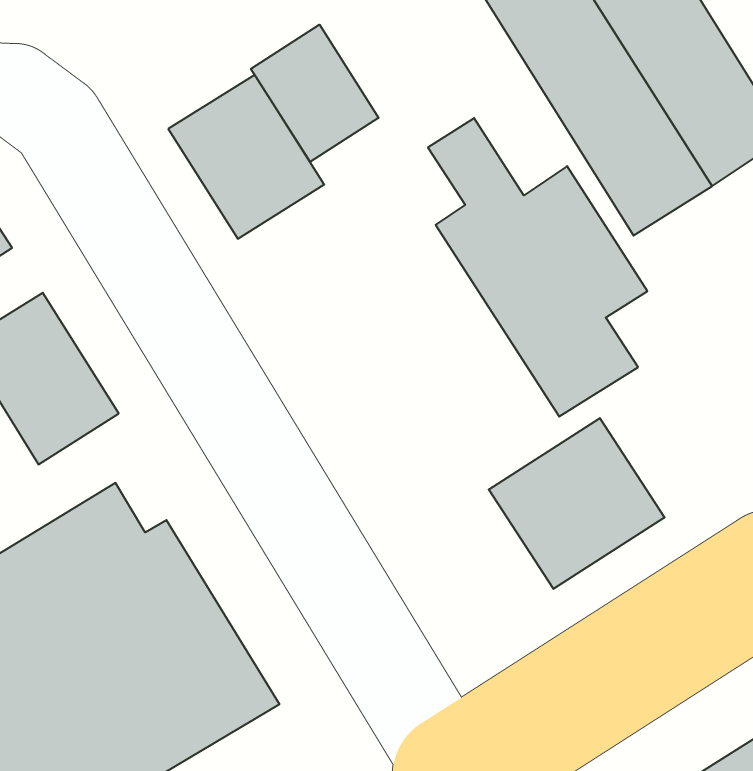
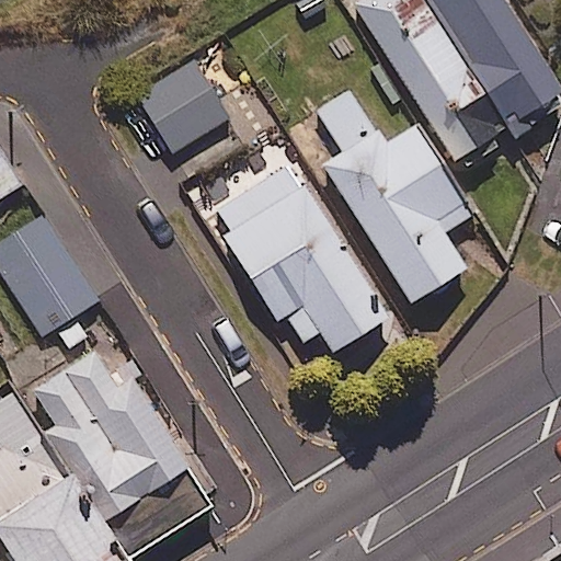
building: [251,25,379,162] -> none
building: none -> [210,163,387,351]
building: [489,418,665,589] -> none

